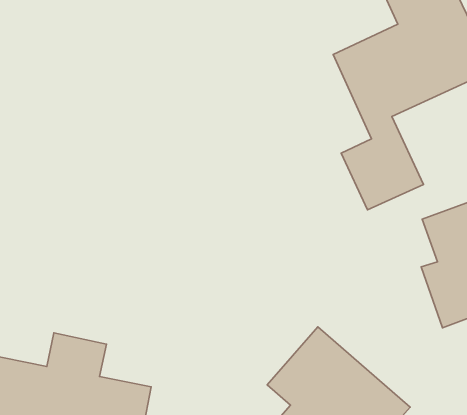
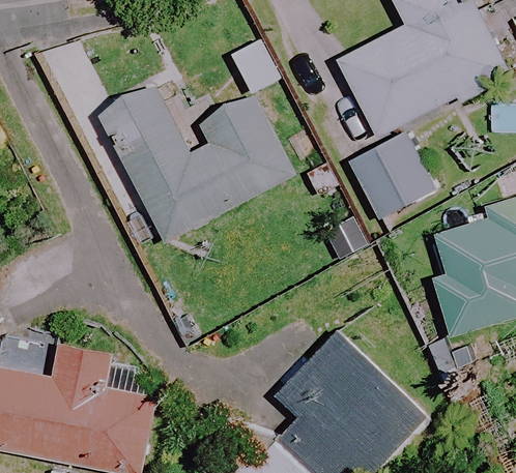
building: none -> [101,85,294,240]

